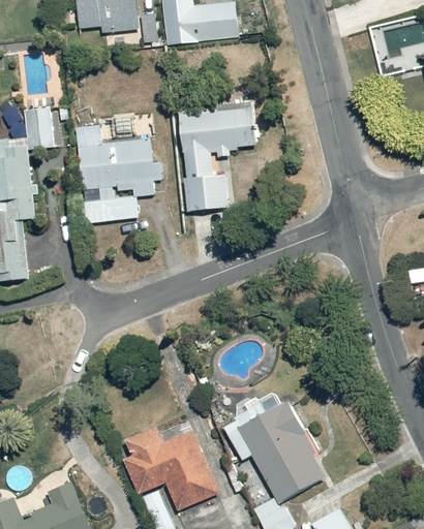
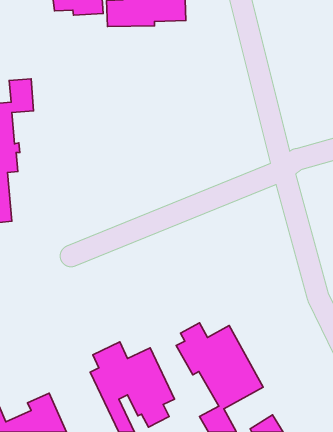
building: [180,101,254,211] -> none
building: [74,125,161,223] -> none

